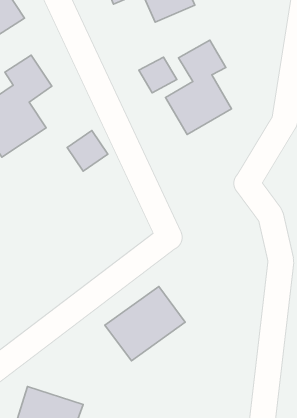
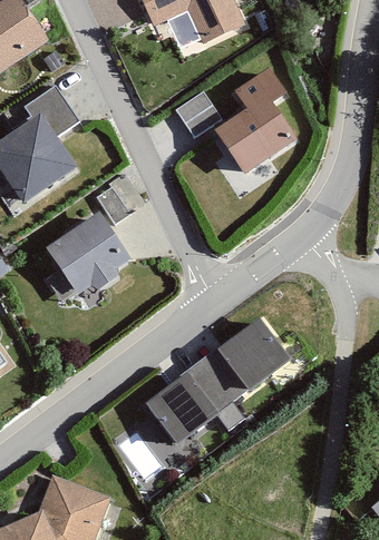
building: none -> [38,216,126,302]
building: none -> [205,313,297,399]

